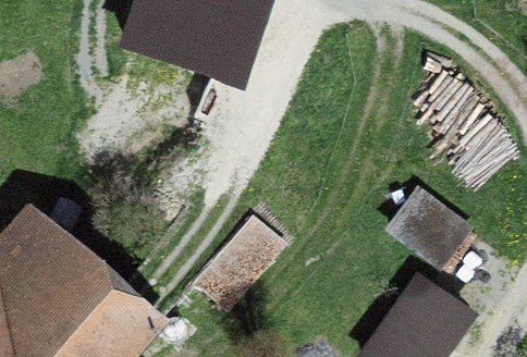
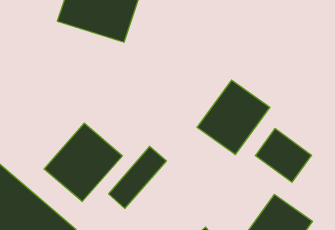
building: none -> [197,80,270,155]
building: none -> [44,123,122,202]

